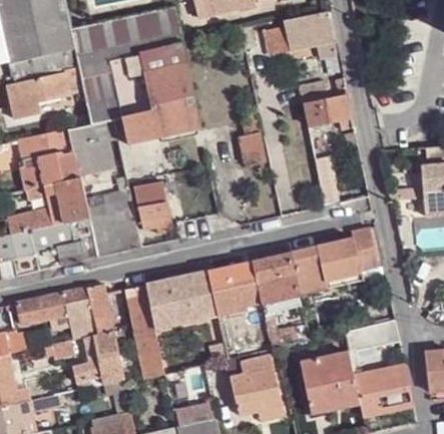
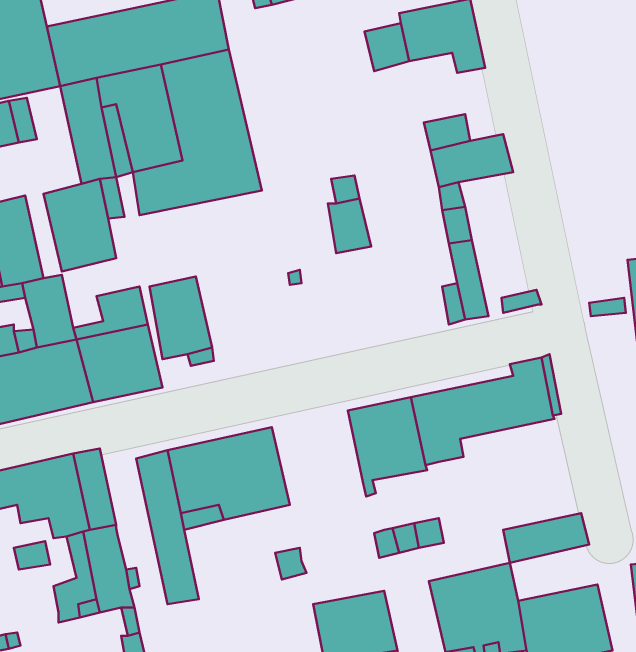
building: [214,260,262,312] -> none

